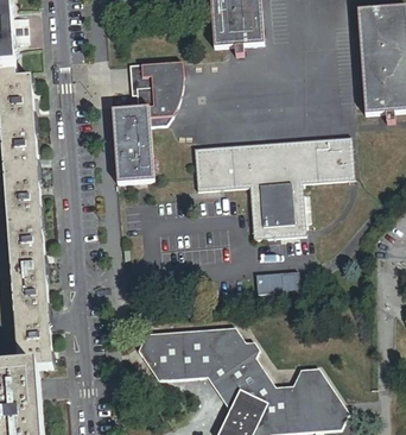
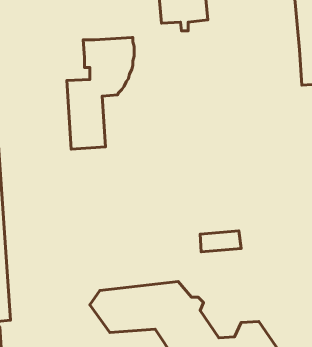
building: [194,135,354,238] -> none

